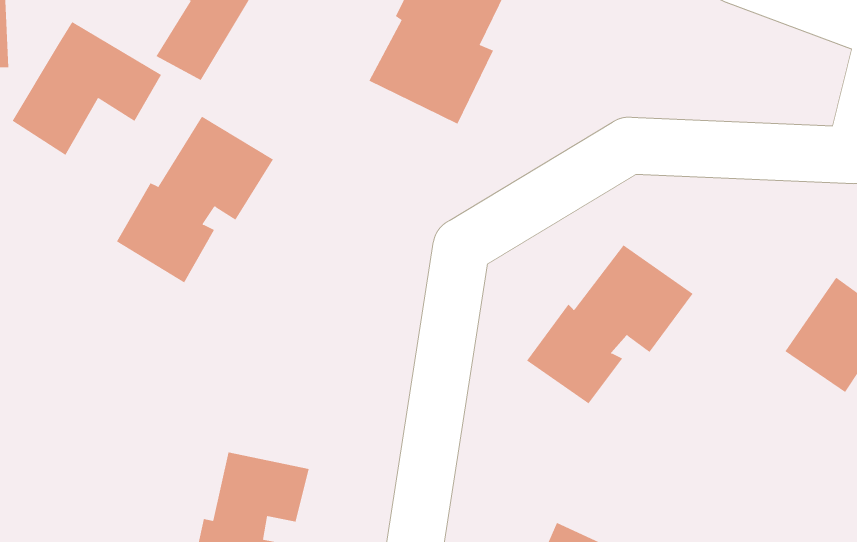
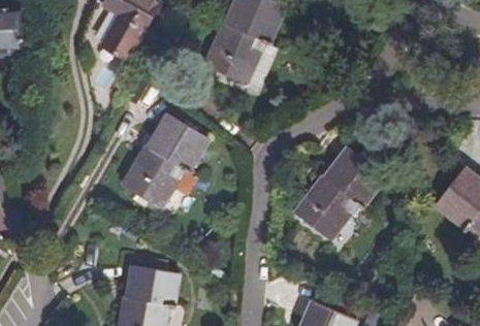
building: [12,21,162,156] -> none
building: [116,116,274,283] -> [124,110,210,201]

